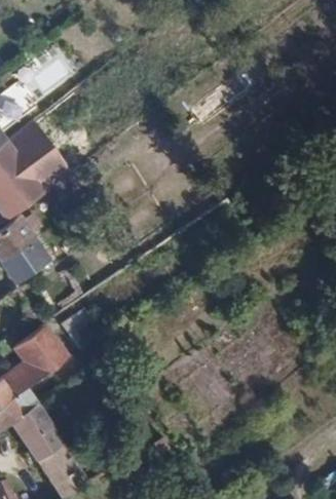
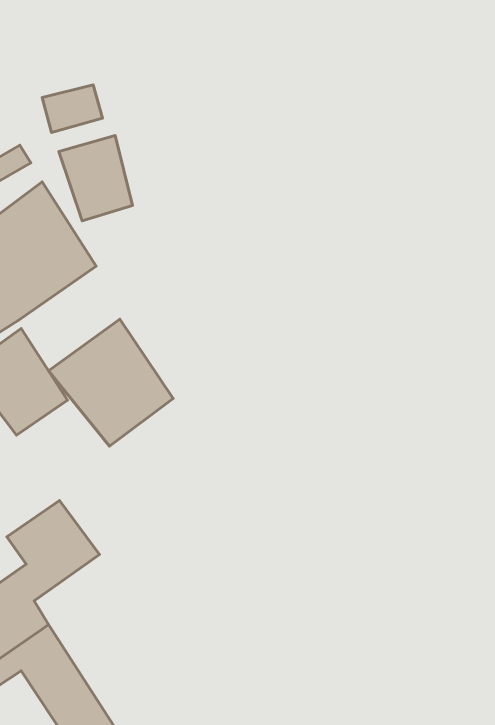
building: none -> [59,136,132,221]
building: none -> [49,319,173,446]

